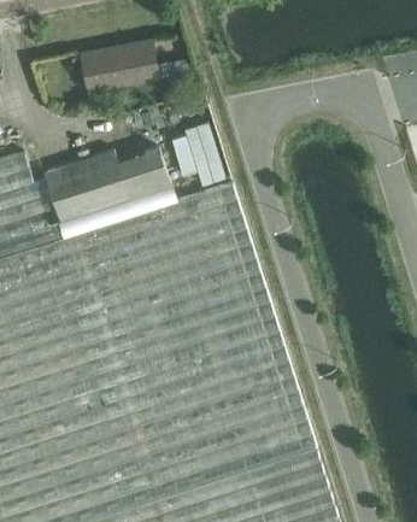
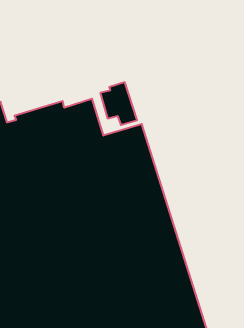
building: [82,39,159,88] -> none

